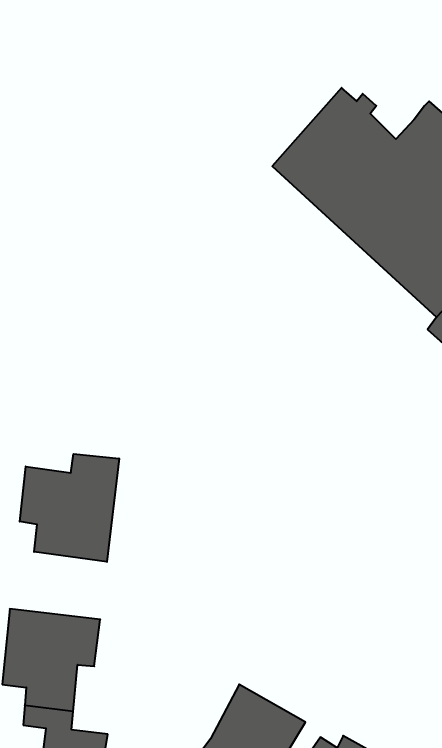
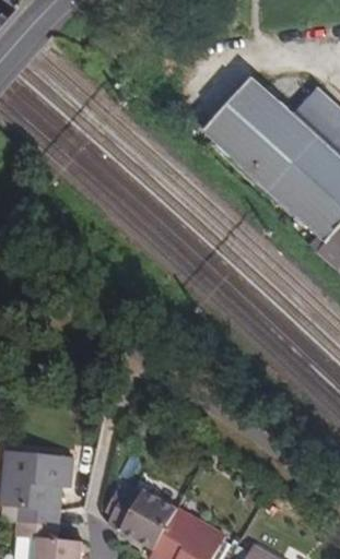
building: [20,454,119,562] -> none
building: none -> [109,488,178,547]

